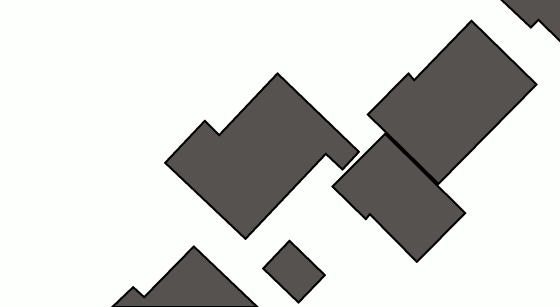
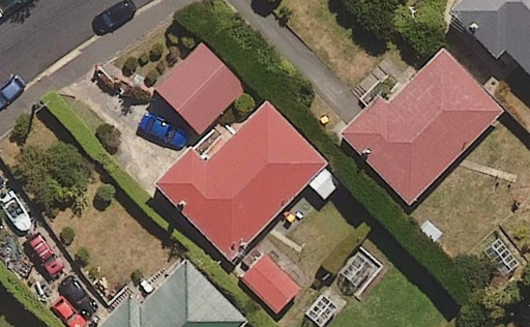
building: none -> [157,43,245,132]
building: [333,134,465,262] -> none

